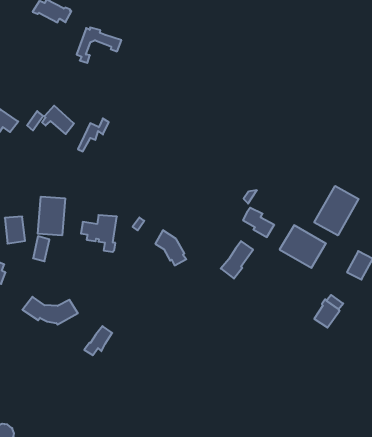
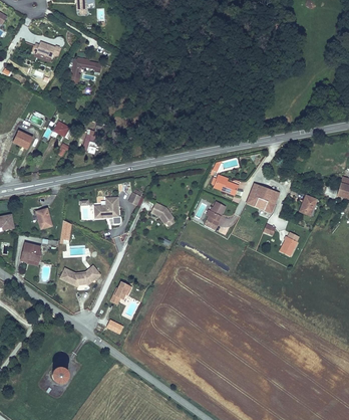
building: [314,186,359,235] -> none
building: [38,197,65,235] -> none

